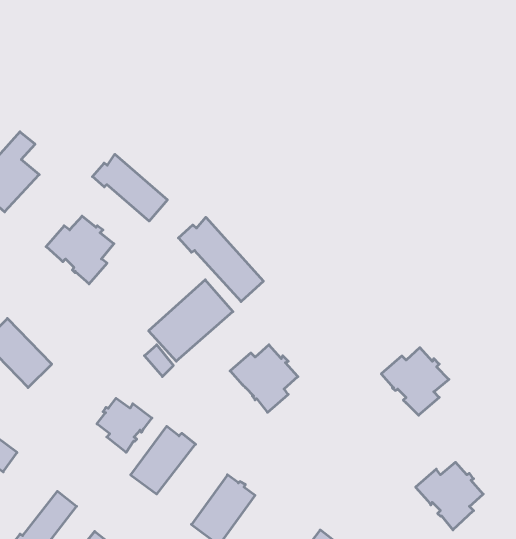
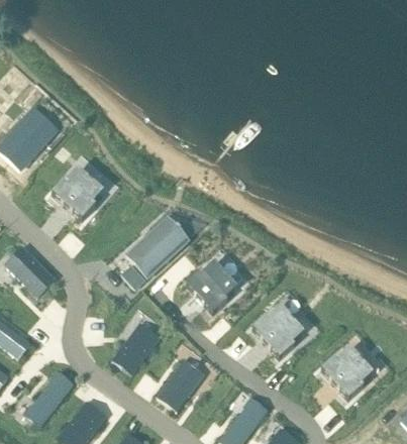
building: [92,154,167,221] -> none
building: [178,217,263,302] -> none
building: [381,348,449,415] -> [251,309,301,358]
building: [97,398,152,452] -> none

